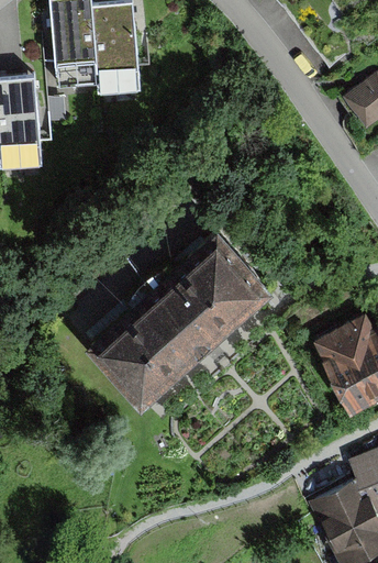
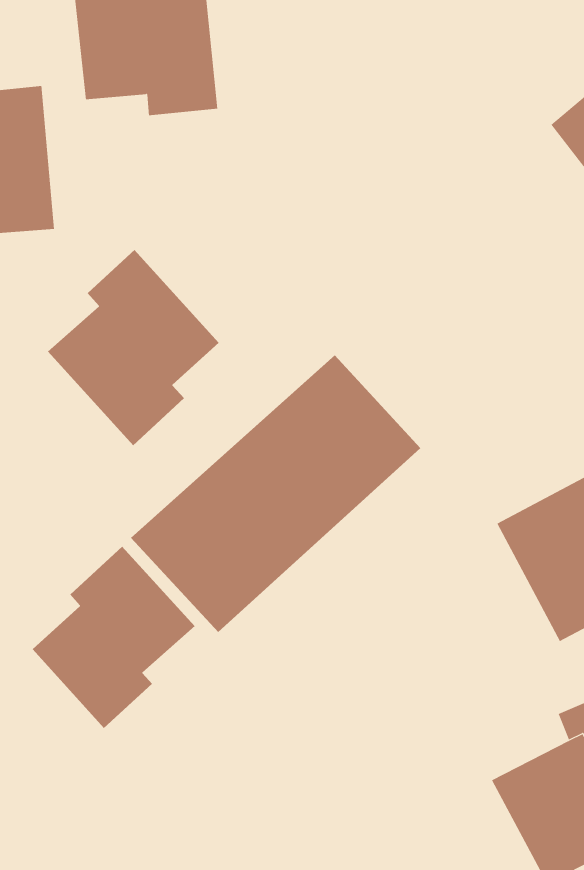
building: none -> [47,249,220,446]
building: none -> [32,546,195,729]

